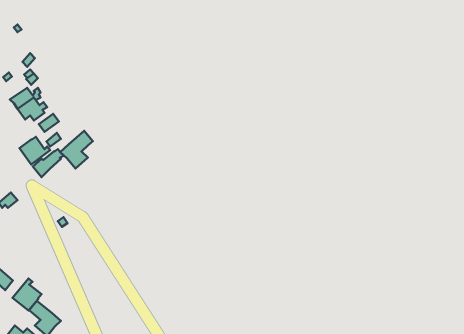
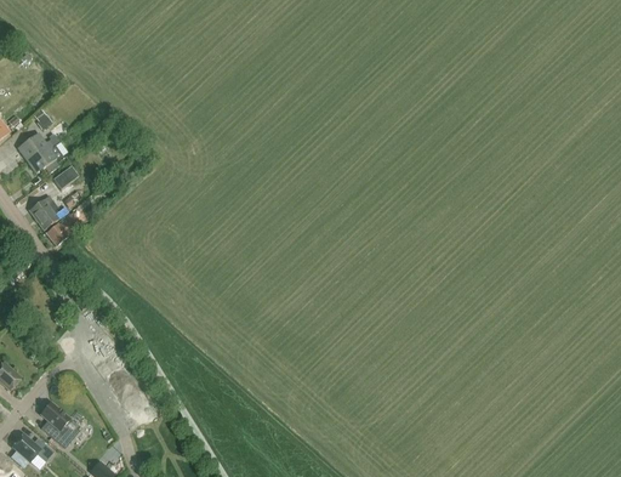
building: [60,131,93,169] -> none
building: [12,279,41,311] -> none

